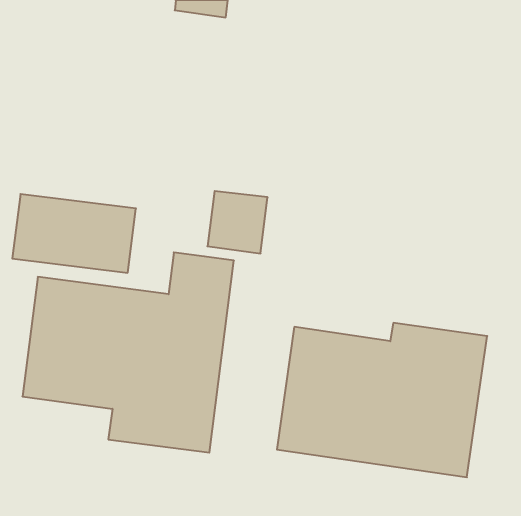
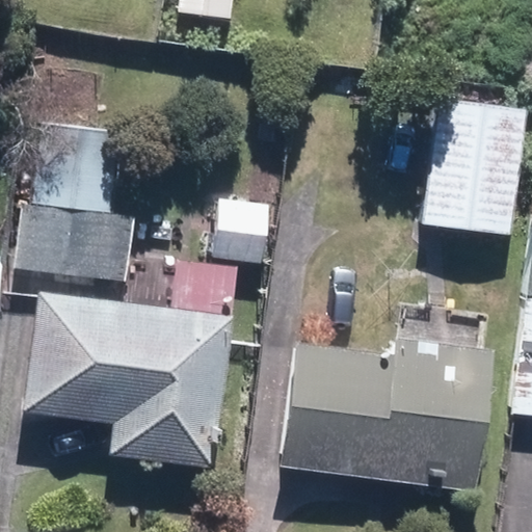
building: none -> [419,98,526,235]
building: none -> [32,124,122,210]

